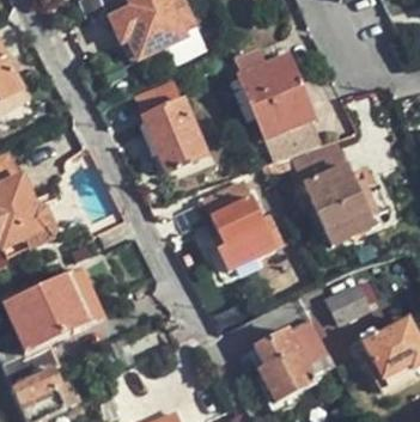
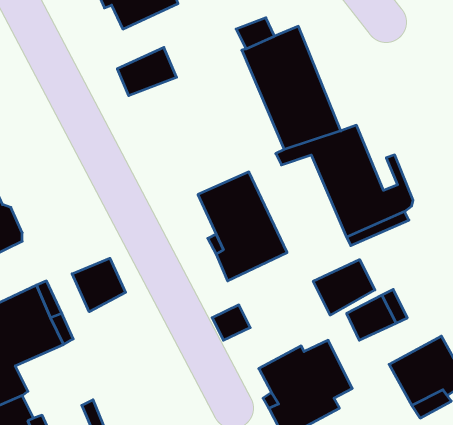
building: [142,98,207,171] -> none
building: none -> [72,258,126,312]
building: none -> [313,260,375,315]

